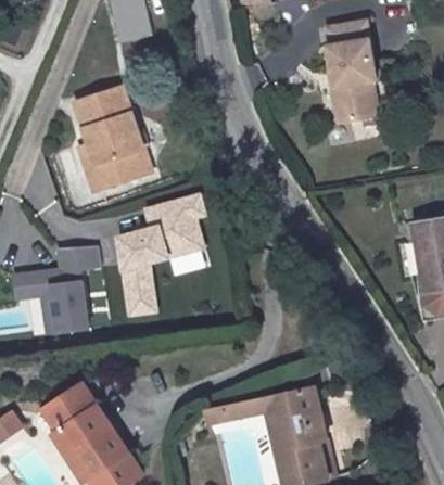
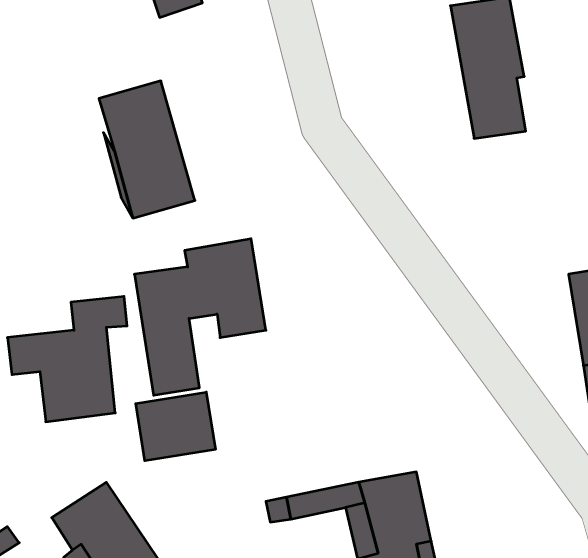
building: none -> [136,392,215,461]

